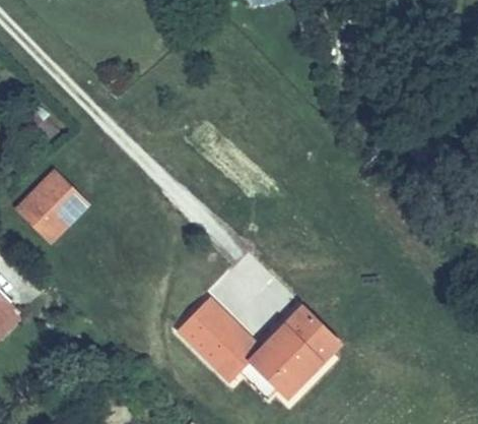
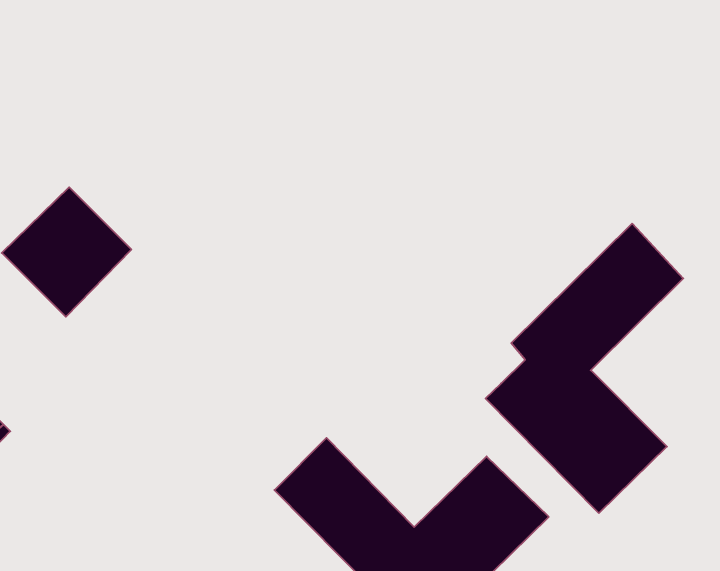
building: none -> [486,224,683,513]

